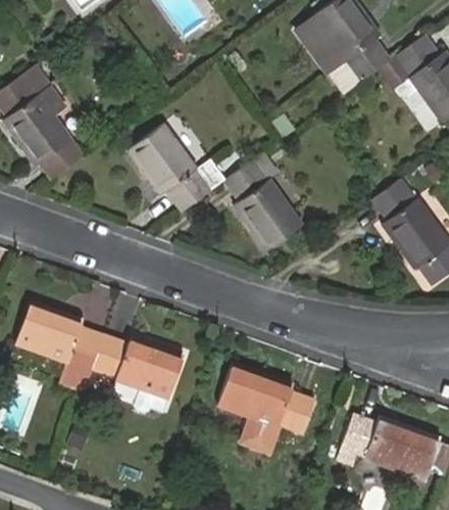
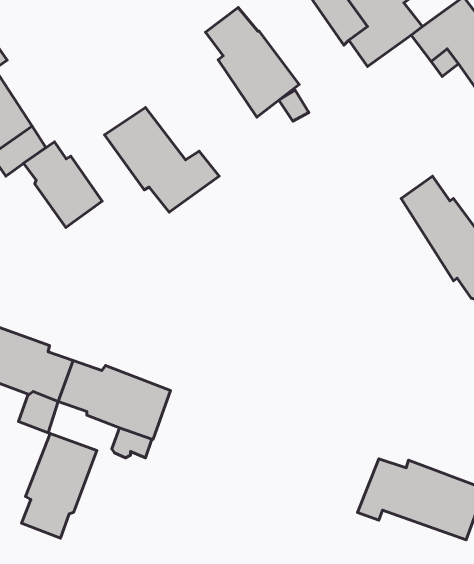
building: none -> [24,142,102,228]
building: [226,161,302,251] -> [206,7,299,117]
building: [218,363,314,453] -> none
building: none -> [21,433,97,538]

